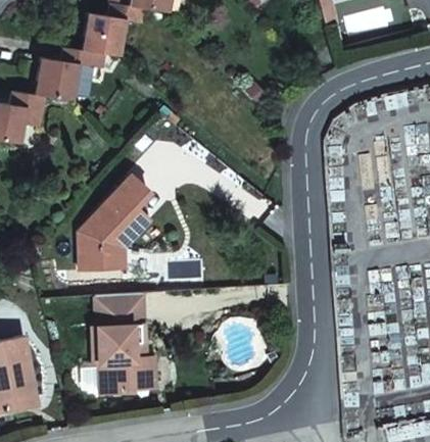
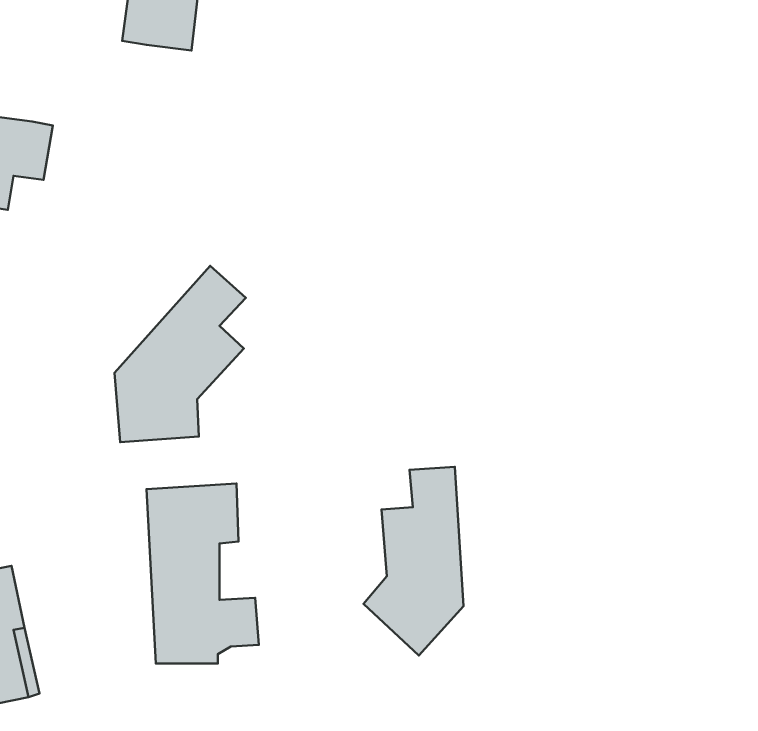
building: [34,49,96,101] -> none
building: none -> [363,467,463,655]

